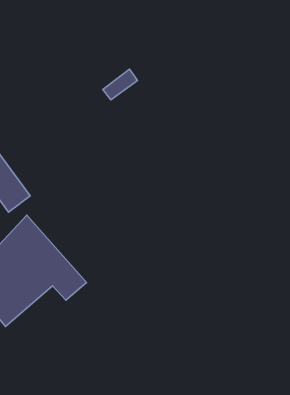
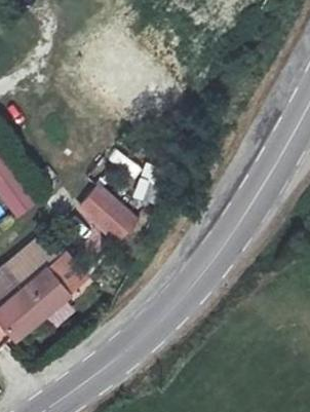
building: none -> [78,186,143,248]

